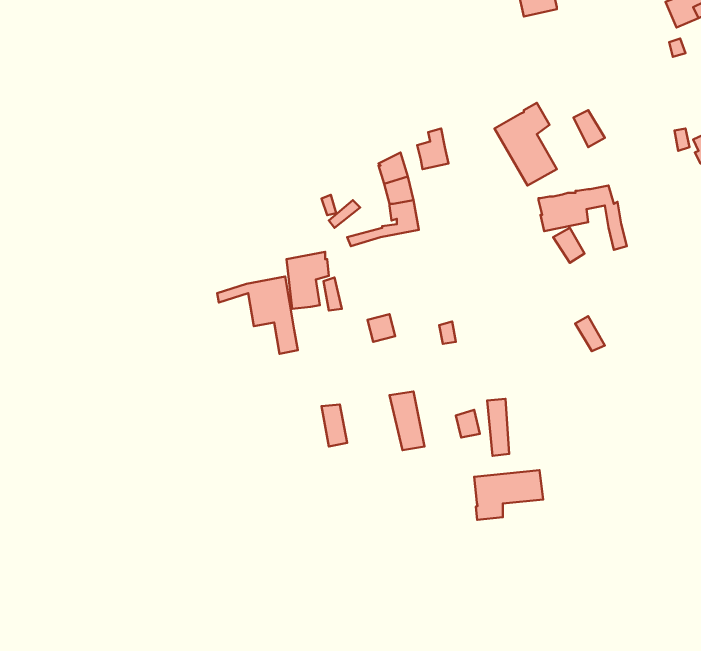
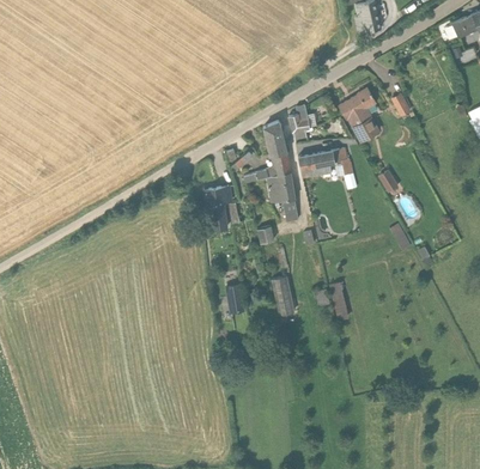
building: [539,185,627,250] -> [298,147,356,189]
building: [217,277,298,354] -> [245,170,298,220]
building: [474,470,543,520] -> none

